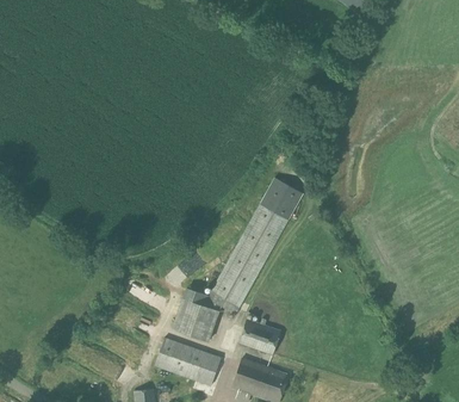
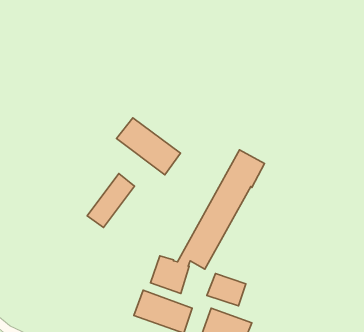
building: none -> [117,118,181,175]
building: none -> [87,174,134,228]

